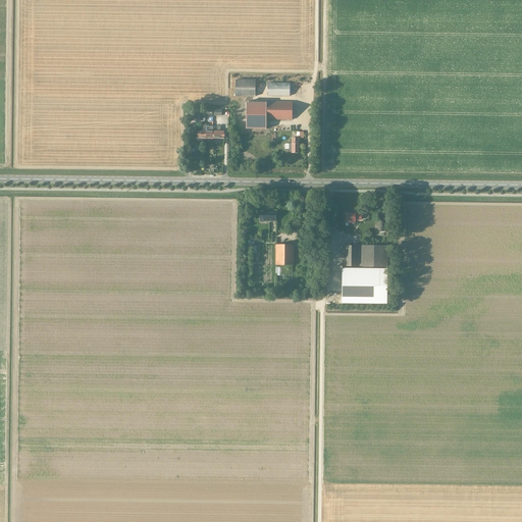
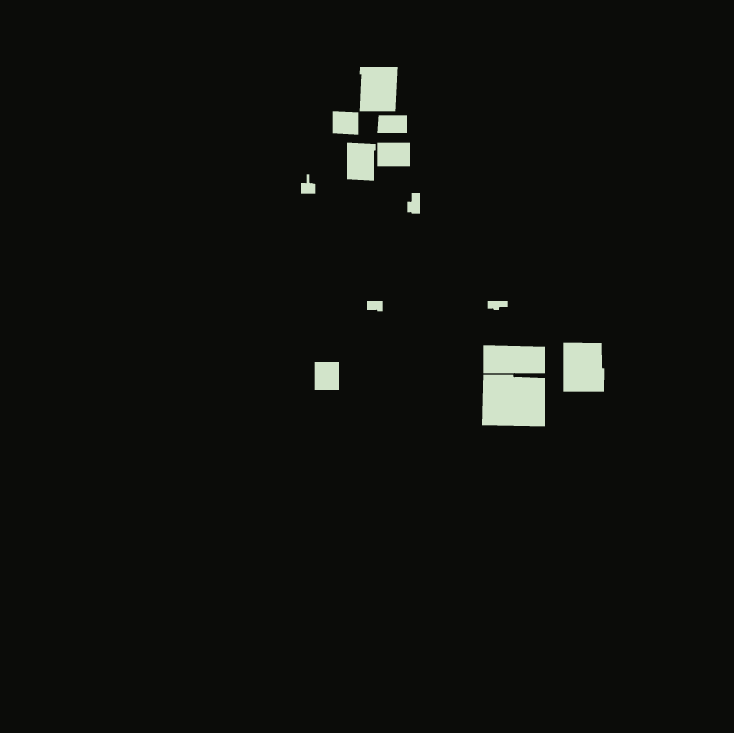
building: none -> [359,66,398,112]
building: none -> [563,342,605,393]
building: [275,244,294,264] -> [314,362,340,390]

